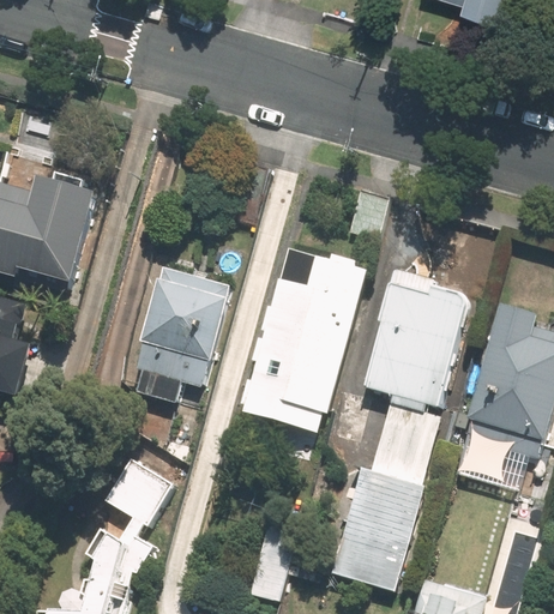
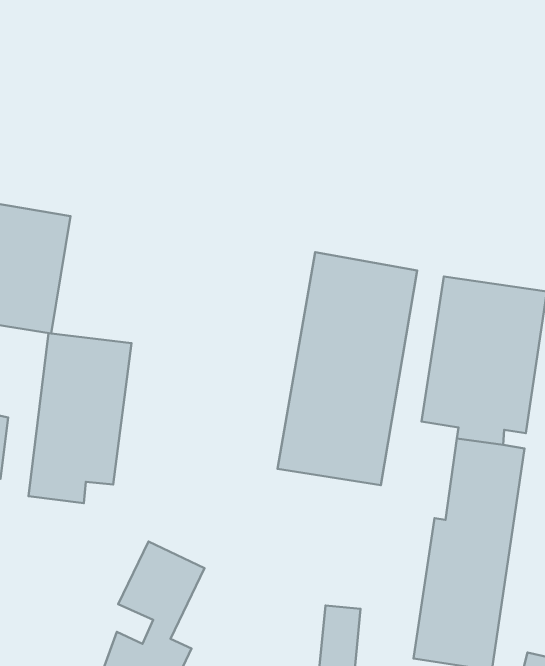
building: [131,264,227,402] -> [28,333,131,503]

